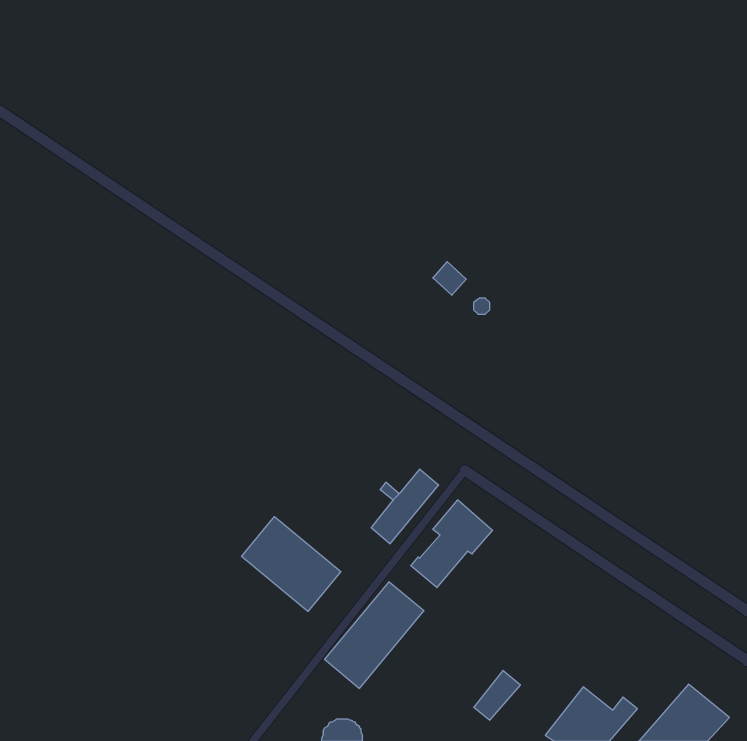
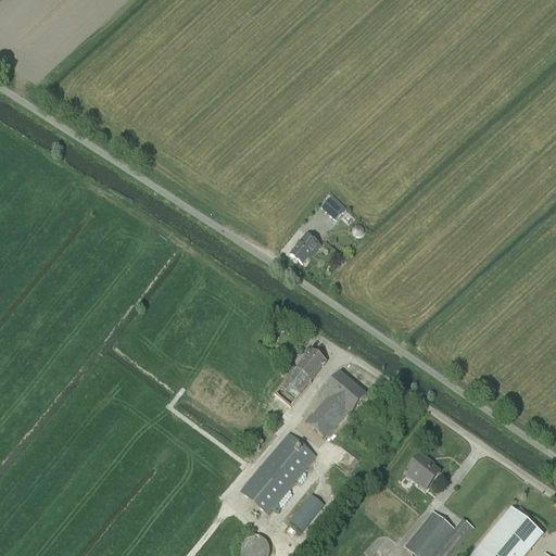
building: none -> [290,232,319,263]
building: [242,517,341,611] -> none
building: none -> [405,453,440,485]
building: [474,671,520,720] -> [289,493,324,530]

